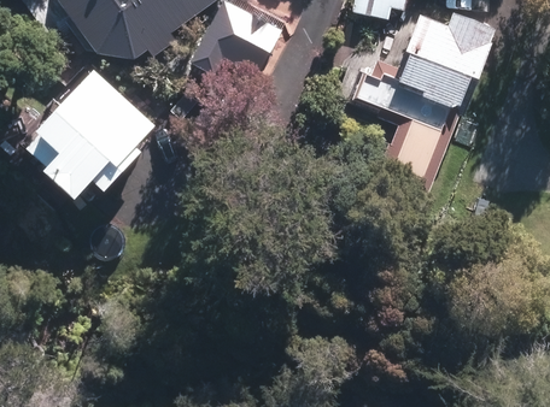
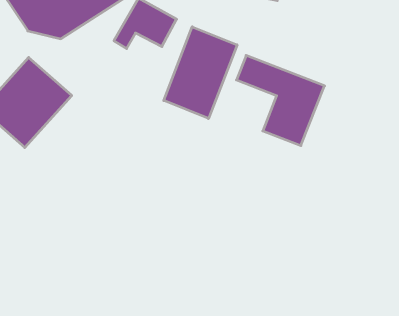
building: [403,17,487,104] -> none
building: none -> [164,27,237,119]

